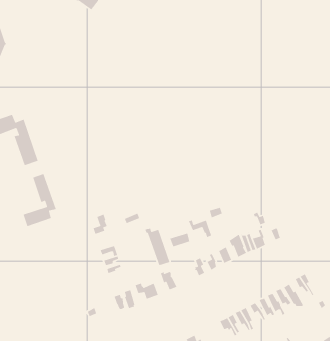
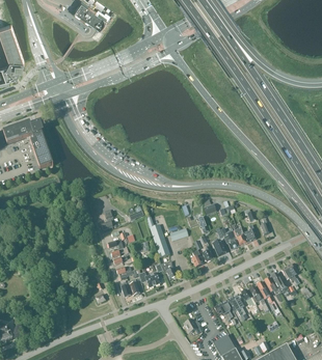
building: [23,171,57,227] -> none

